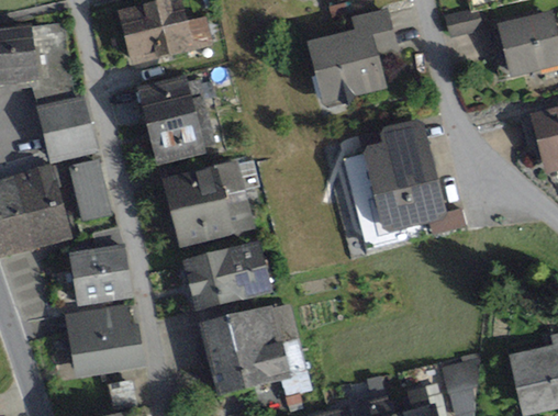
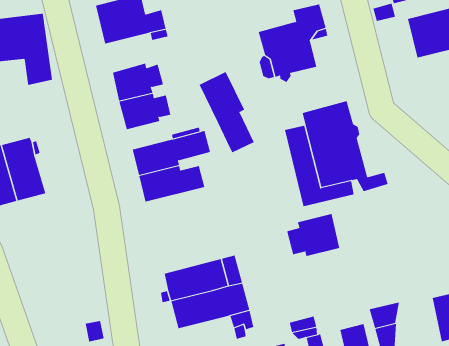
building: none -> [199,71,254,153]
building: [40,99,93,158] -> none
building: [74,162,108,217] -> none
building: [186,247,265,306] -> none
building: [71,248,131,302] -> none
building: none -> [287,213,340,257]
building: [69,305,142,370] -> none

